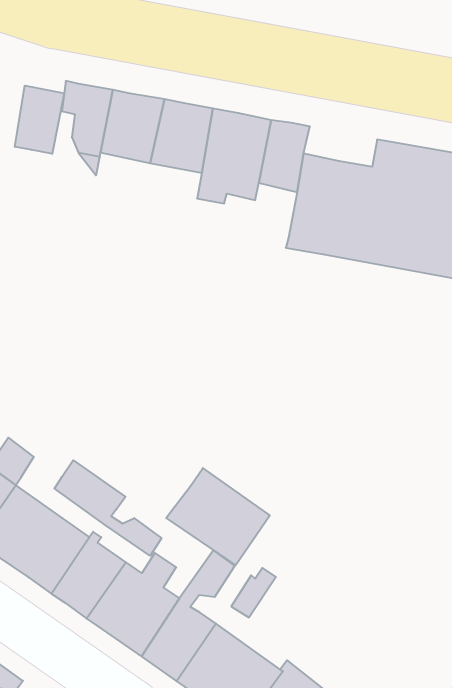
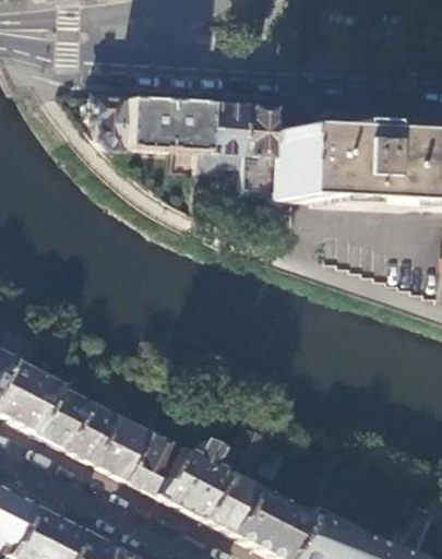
building: [15,86,64,154] -> none
building: none -> [243,155,275,193]
building: [54,460,161,556] -> none
building: [166,468,270,565] -> none

